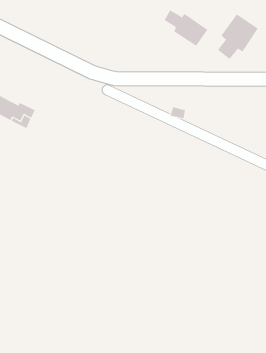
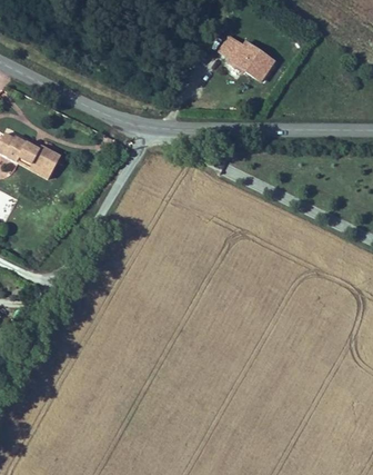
building: [217,14,259,60] -> none

